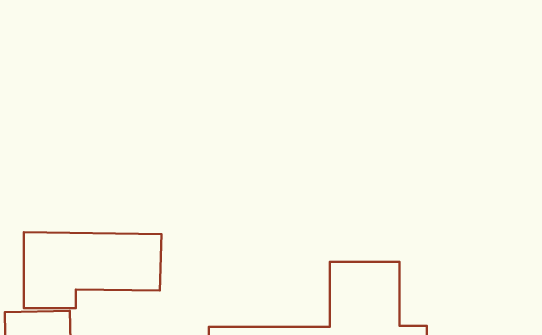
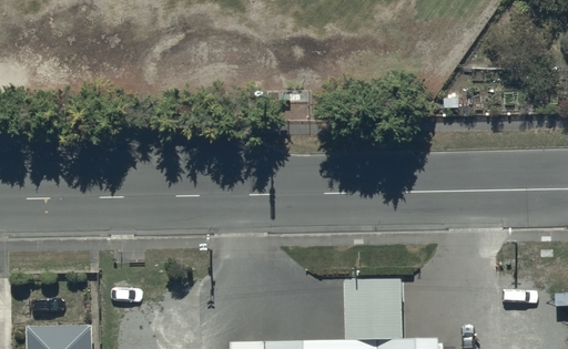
building: [24,232,161,308] -> none

